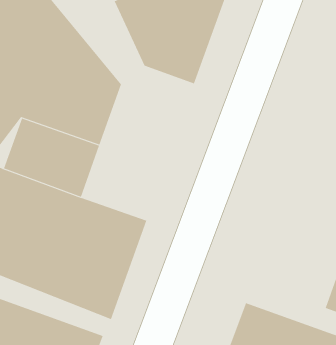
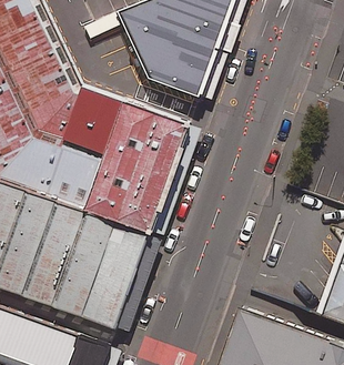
building: none -> [88,99,190,230]

